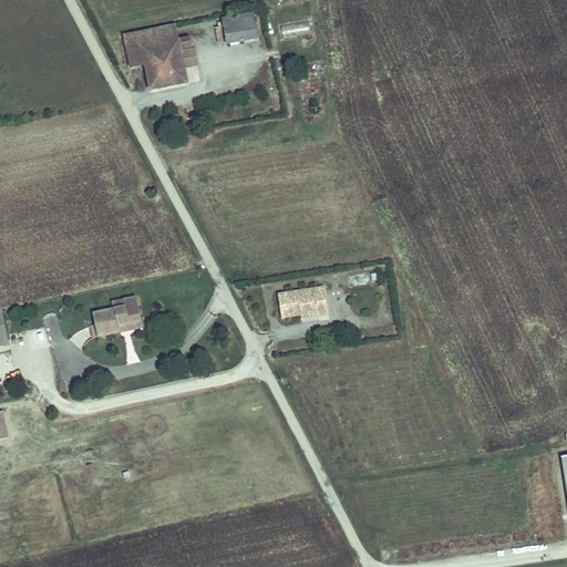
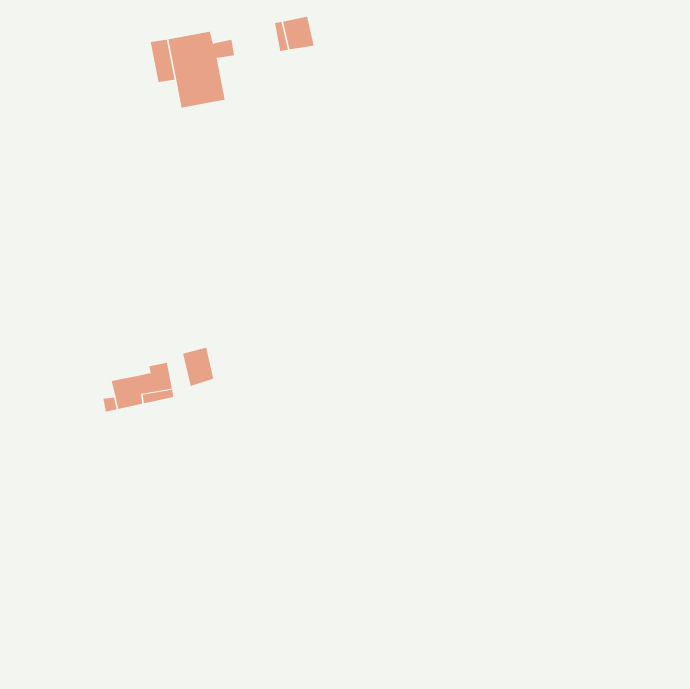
building: none -> [182,347,214,387]
building: [277,285,329,316] -> none

